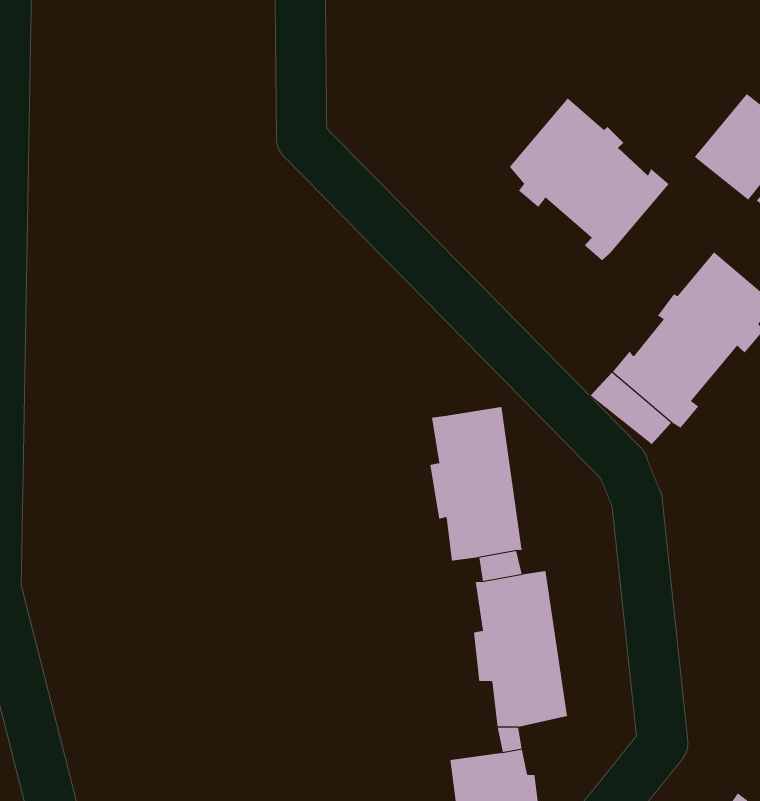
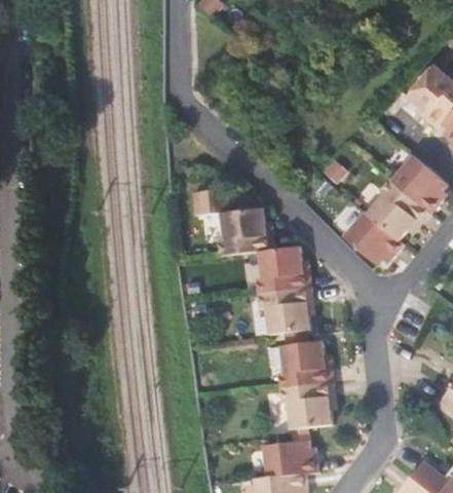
building: [509,98,669,261] -> none
building: none -> [196,189,263,255]

